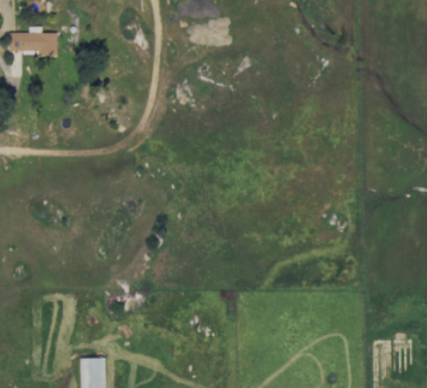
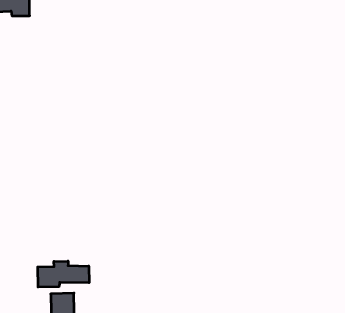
building: none -> [38,261,89,287]

